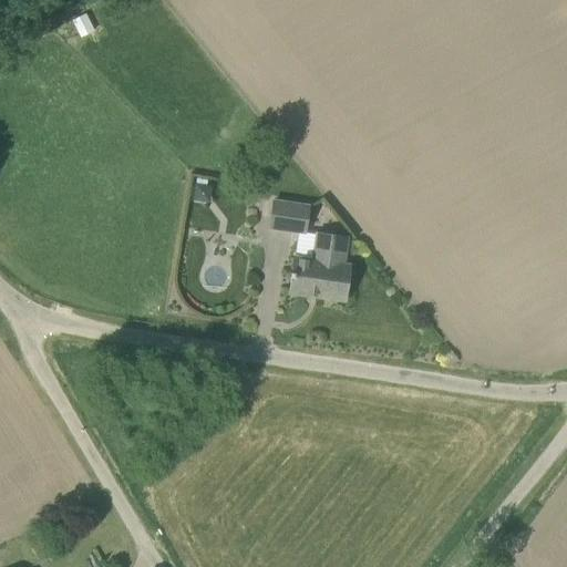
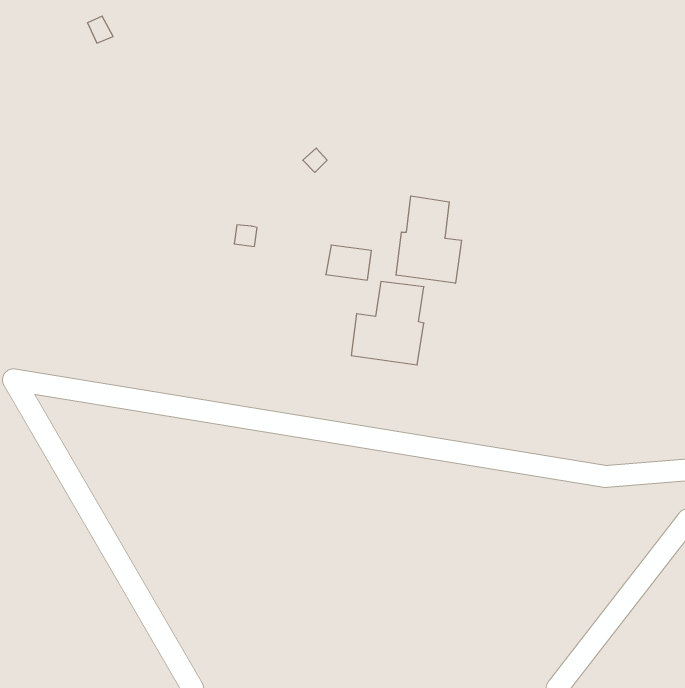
building: none -> [396,196,462,283]

